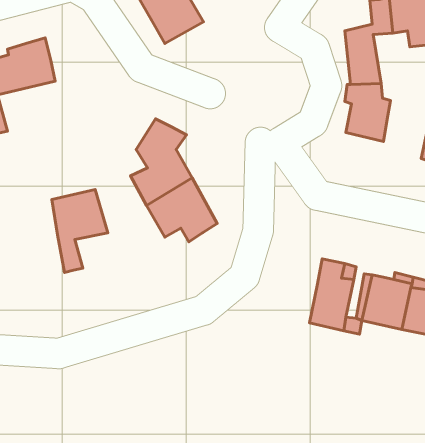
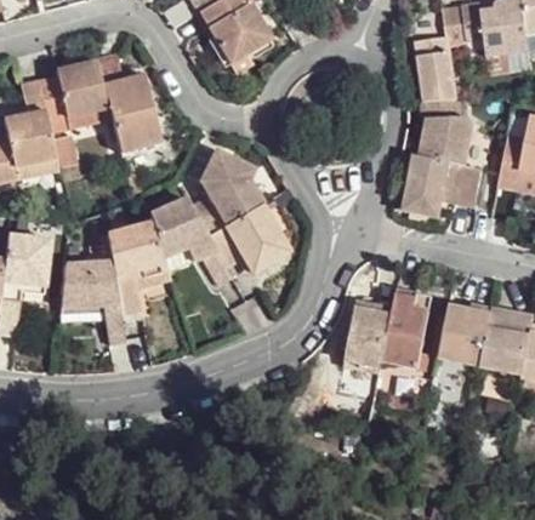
building: none -> [107,72,161,150]
building: none -> [402,156,483,217]
building: none -> [152,196,232,285]
building: none -> [63,252,127,335]
building: none -> [345,309,391,368]

